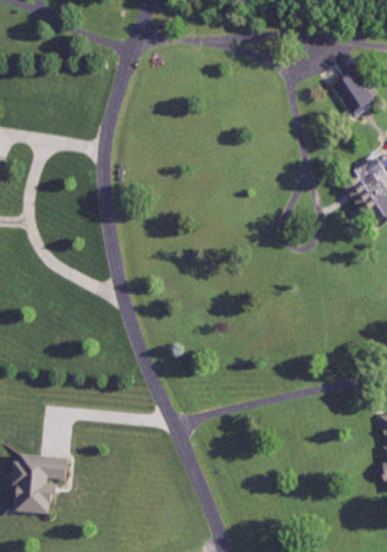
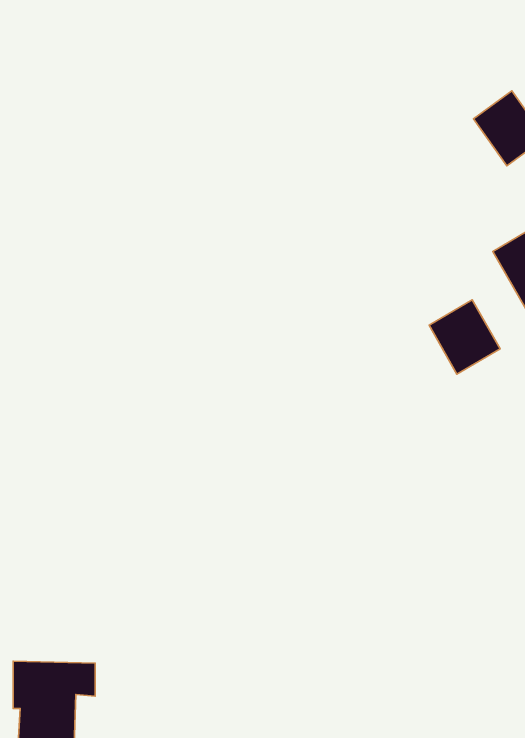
building: none -> [429,300,500,374]

